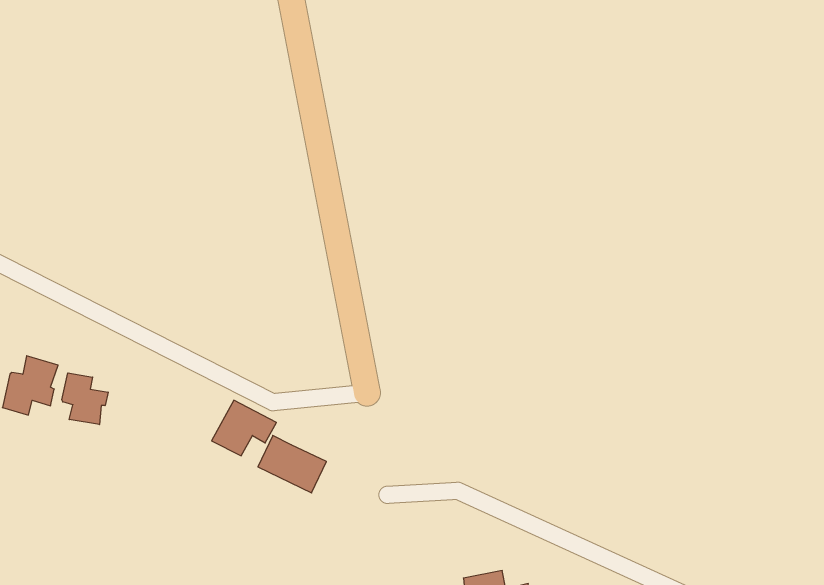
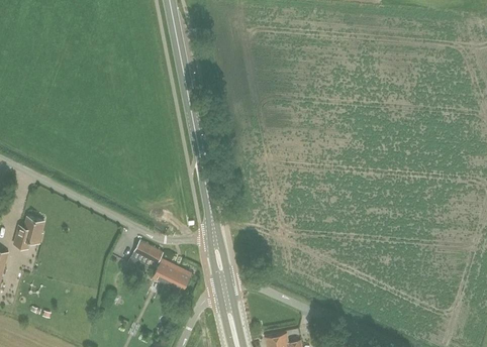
building: [62,373,108,425] -> none

